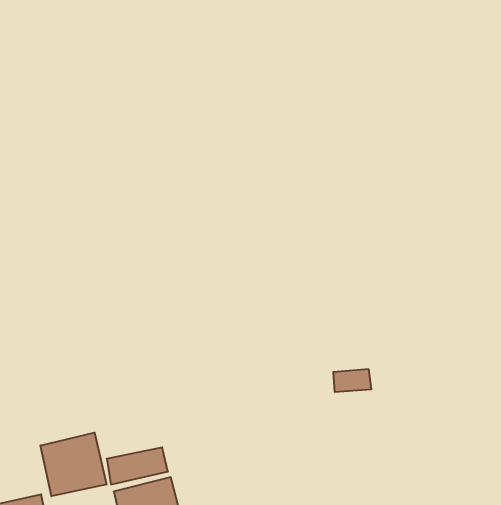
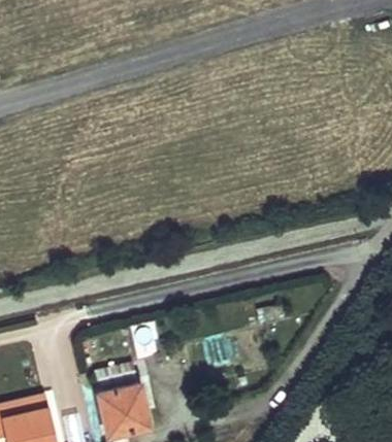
building: [40,433,106,496] -> none

